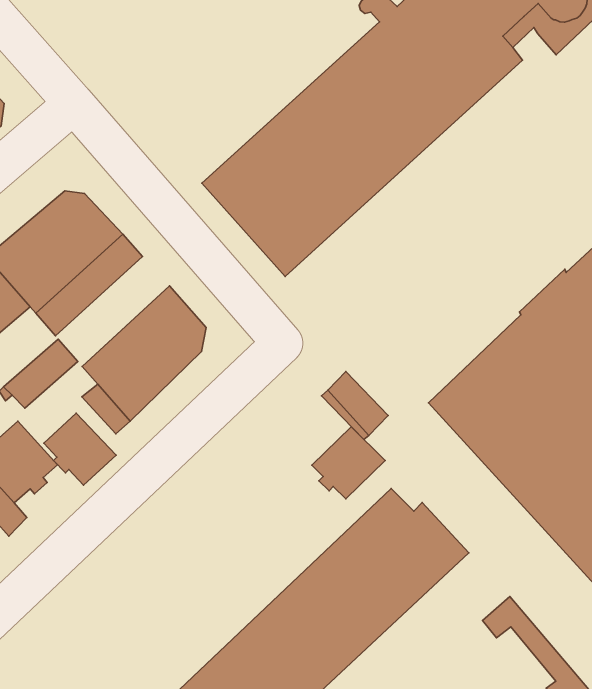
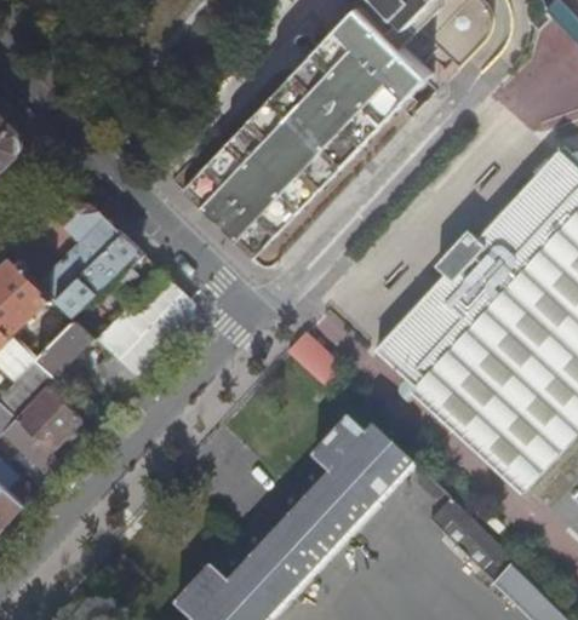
building: [44,413,116,485] -> none
building: [312,427,385,499] -> none

